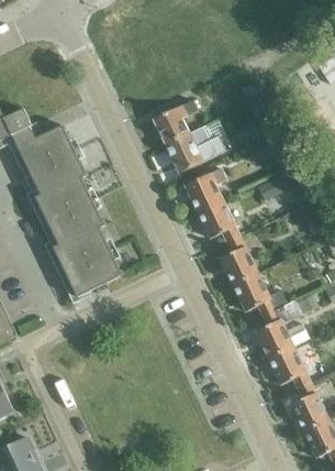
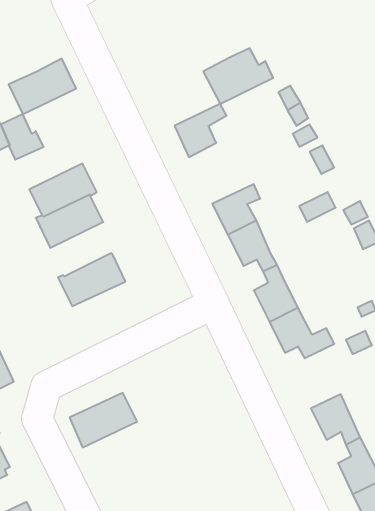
building: [16,125,74,173] -> [9,59,76,114]
building: [164,125,223,173] -> [203,48,273,104]
building: [46,200,103,247] -> none
building: [65,251,122,297] -> [70,393,137,447]
building: [254,300,308,359] -> none

